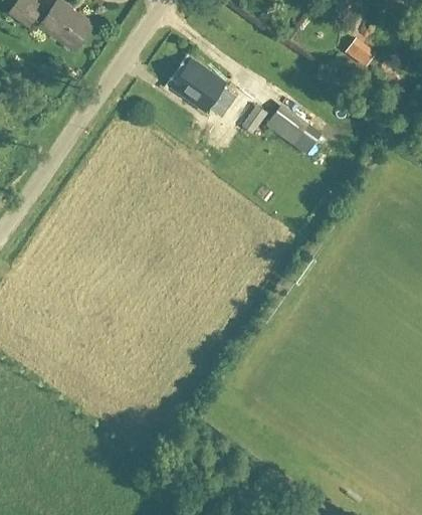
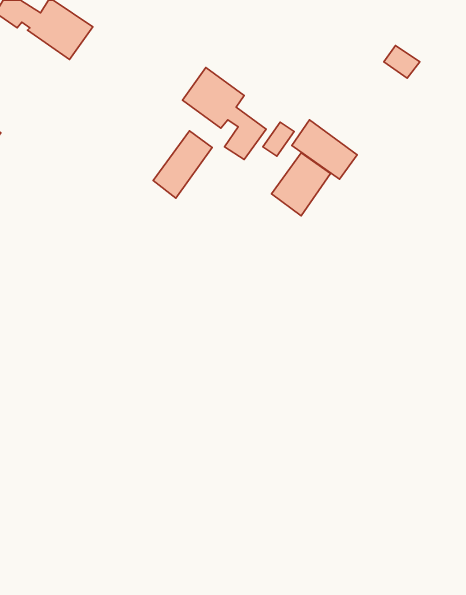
building: none -> [153,131,212,198]
building: none -> [272,153,330,216]

